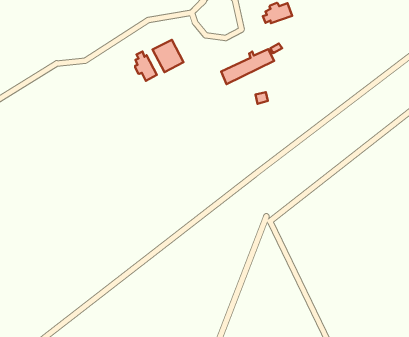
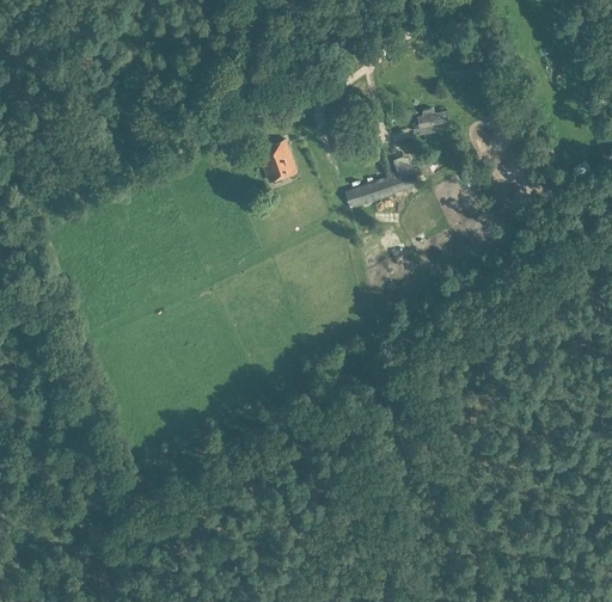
building: [135,52,157,81] -> none

